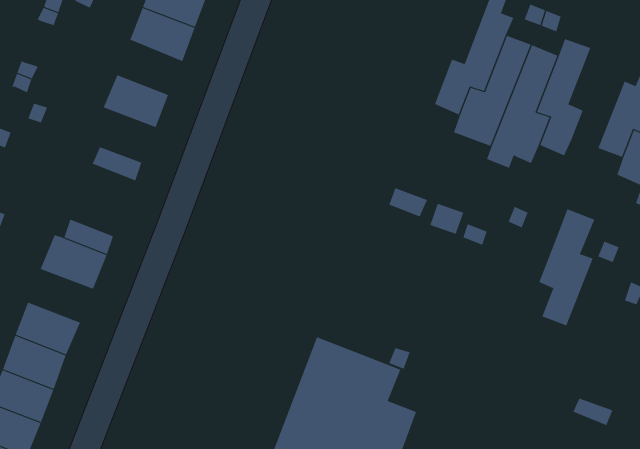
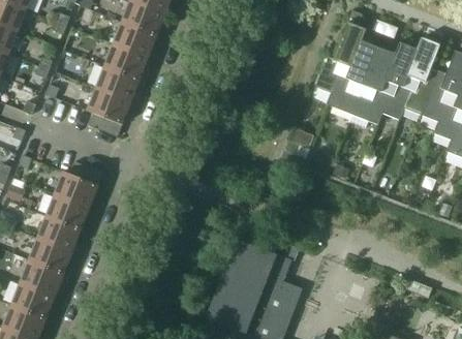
building: none -> [104,43,148,80]
building: none -> [87,88,130,124]
building: [538,208,595,326] -> [402,37,439,115]
building: none -> [45,194,89,229]

